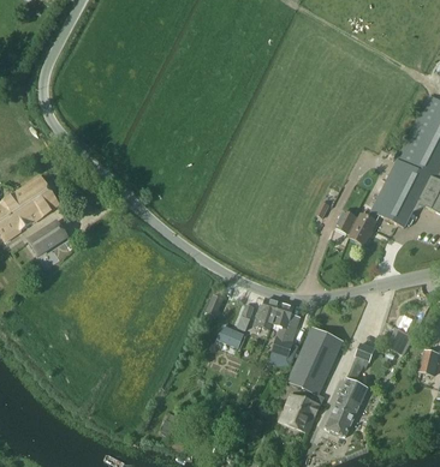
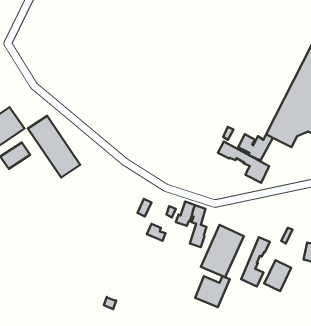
building: none -> [28,116,80,178]
building: none -> [218,141,269,183]
building: [325,396,359,436] -> [264,260,291,291]

